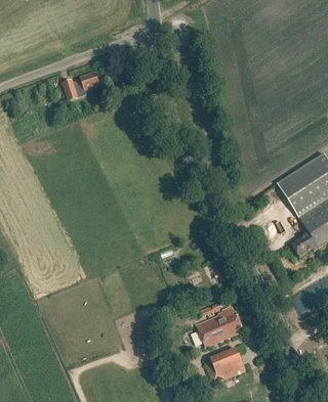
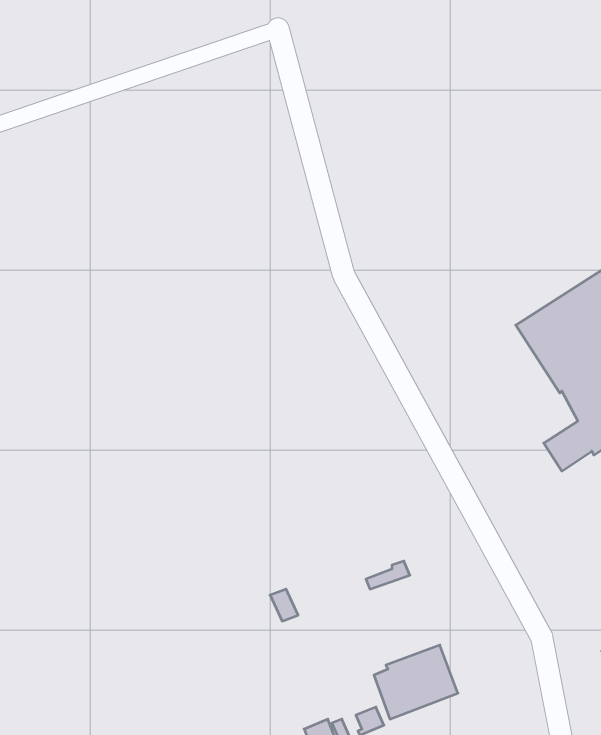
building: [62,72,102,101] -> none
building: [196,312,243,348] -> none

